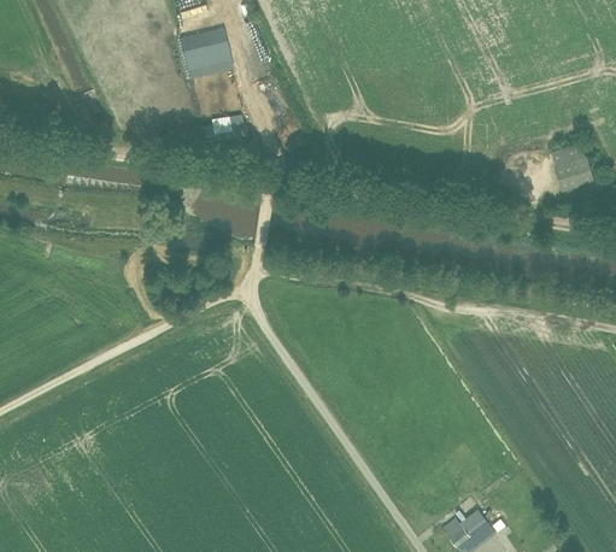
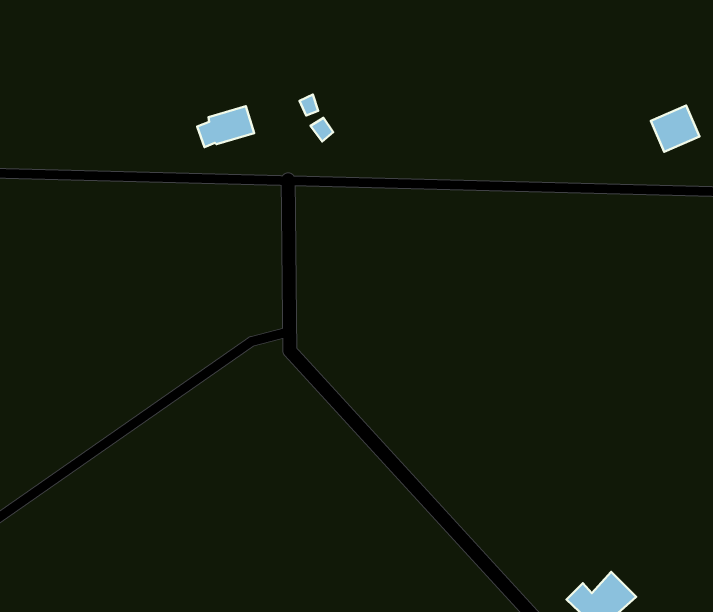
building: [182,37,233,76] -> none

